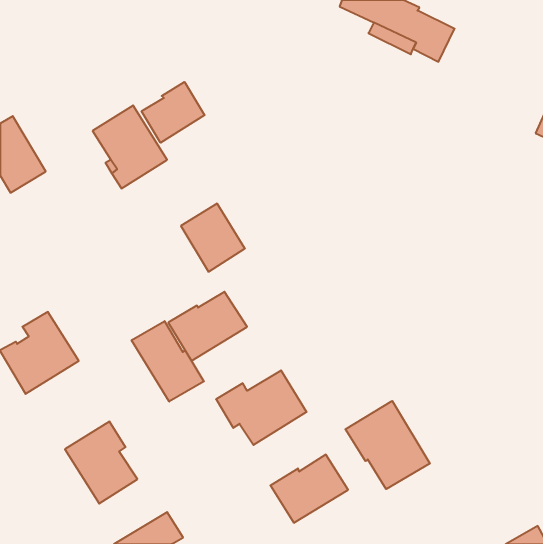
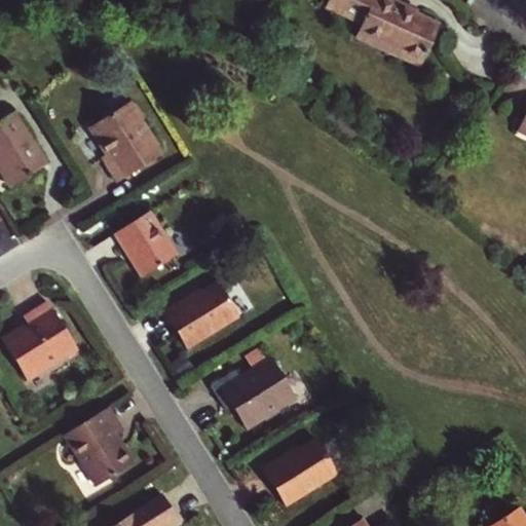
building: [142,82,205,143] -> none
building: [181,204,245,272] -> [115,211,177,276]
building: [132,321,204,402] -> none
building: [345,401,430,489] -> none

